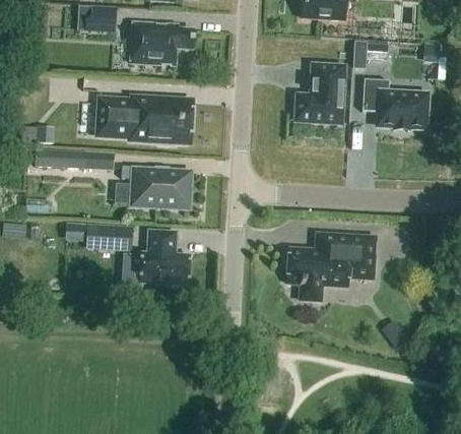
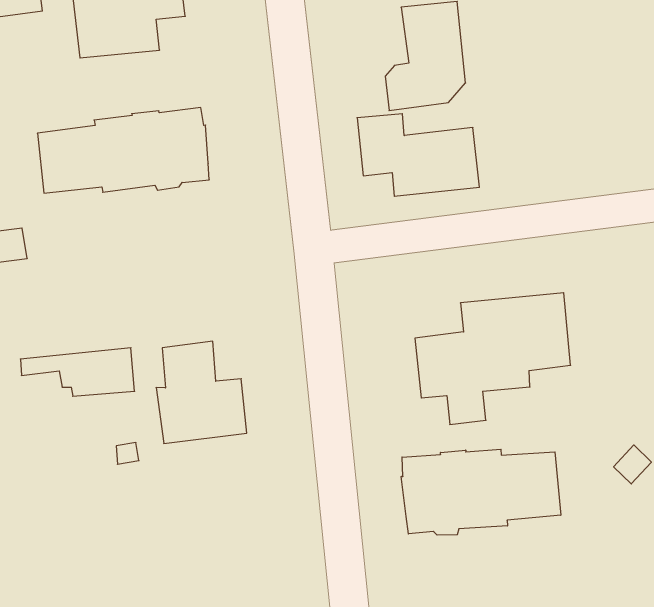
building: [361,78,426,128] -> [357,114,479,196]
building: [121,166,190,206] -> none
building: none -> [401,449,561,535]

